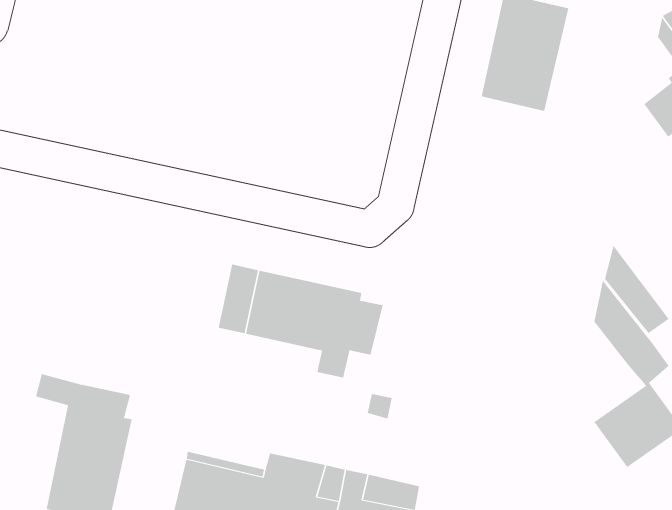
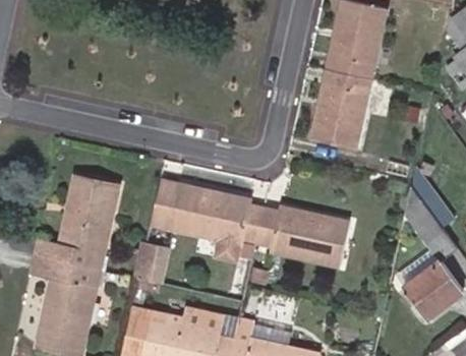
building: none -> [313,69,371,149]
building: none -> [35,176,117,269]
building: none -> [255,207,349,265]
building: none -> [138,243,169,284]

